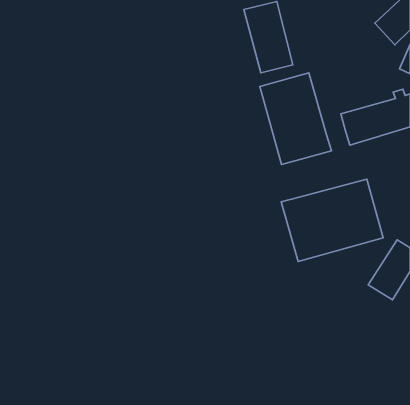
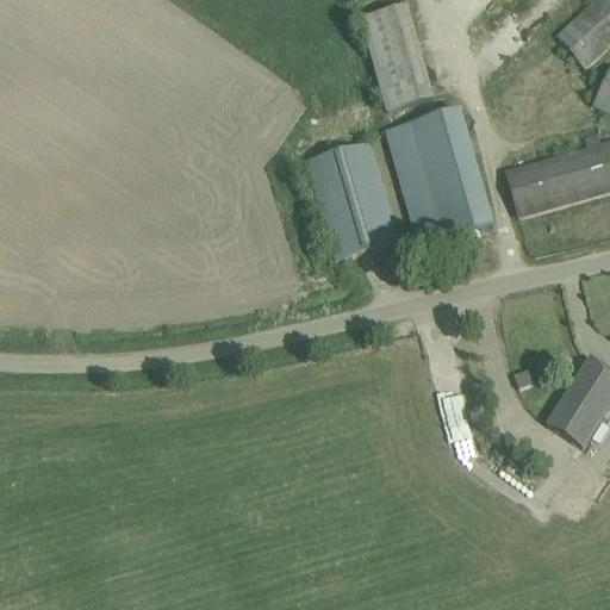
building: none -> [307,142,397,259]
building: [281,179,383,261] -> none

